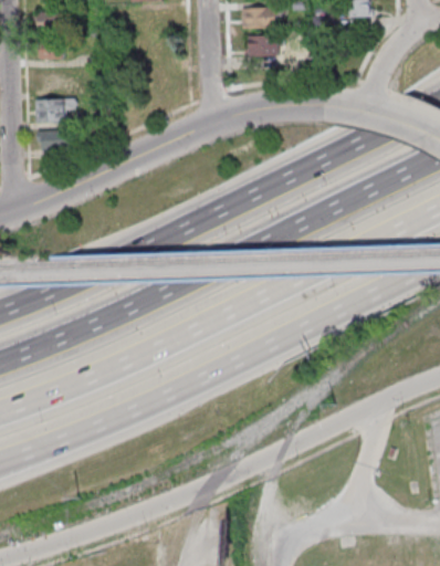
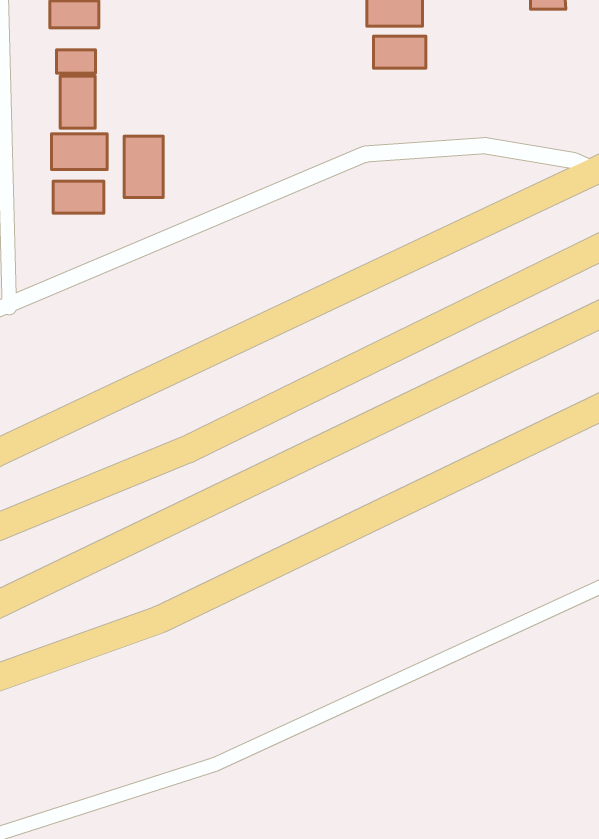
building: none -> [60,76,95,128]
building: none -> [124,136,163,198]

